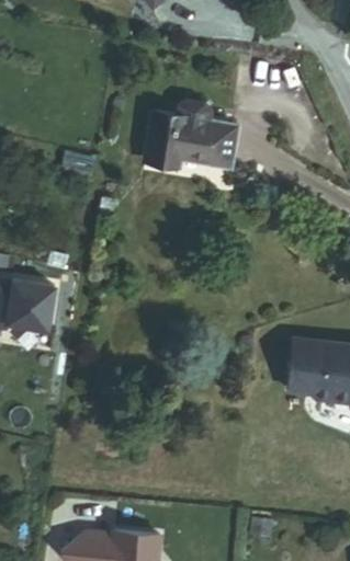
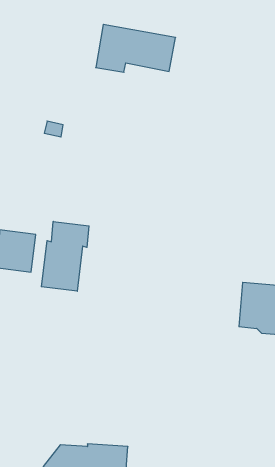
building: [144,112,237,168] -> [96,24,176,72]
building: none -> [41,221,89,291]

